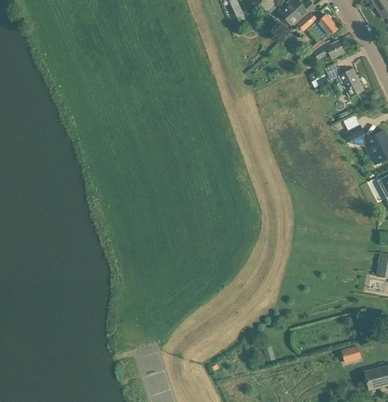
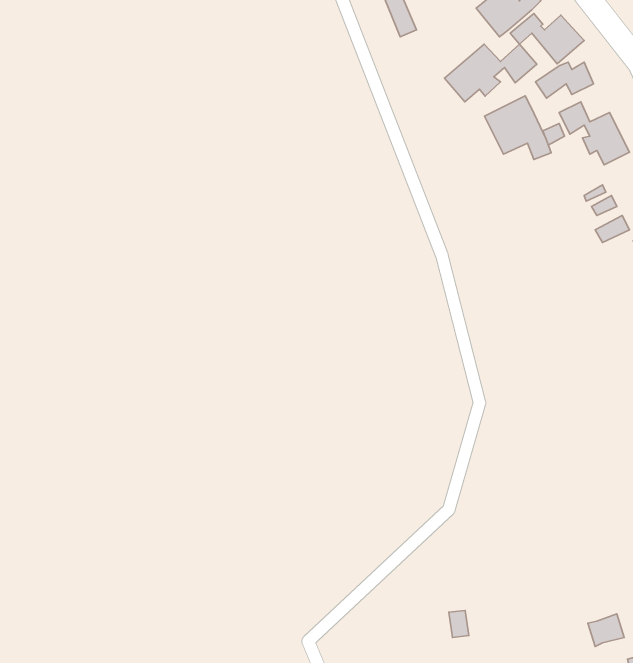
building: none -> [445,44,537,102]
building: none -> [484,96,551,160]

